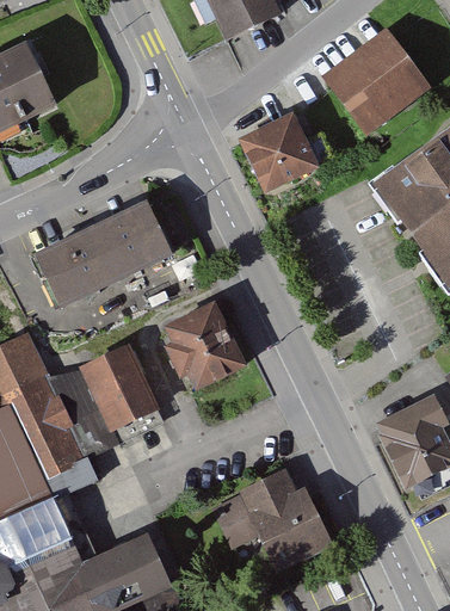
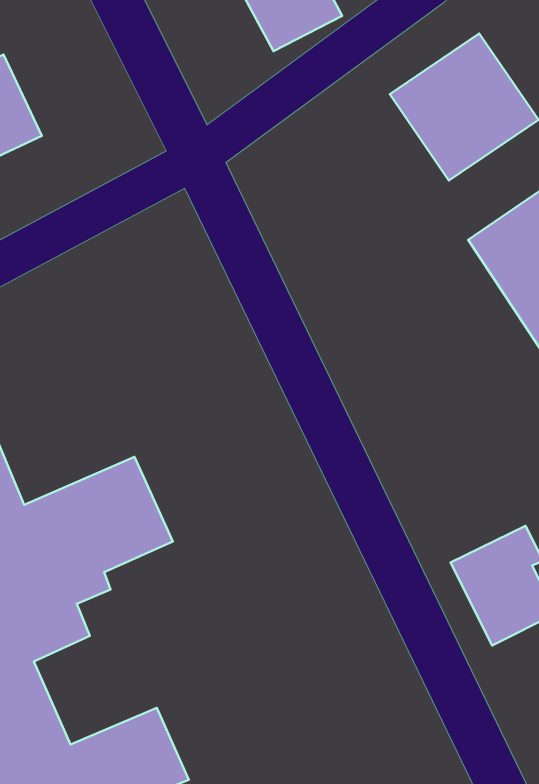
building: [239,113,320,192] -> none
building: [37,202,174,304] -> none
building: [162,302,247,389] -> none
building: [212,467,327,568] -> none

